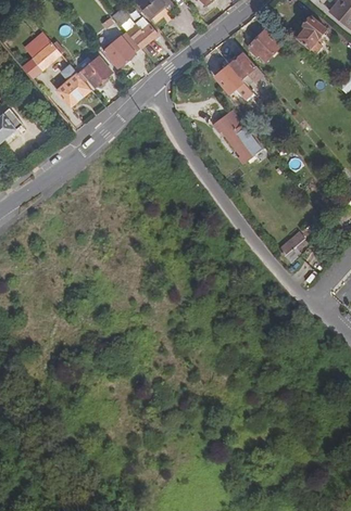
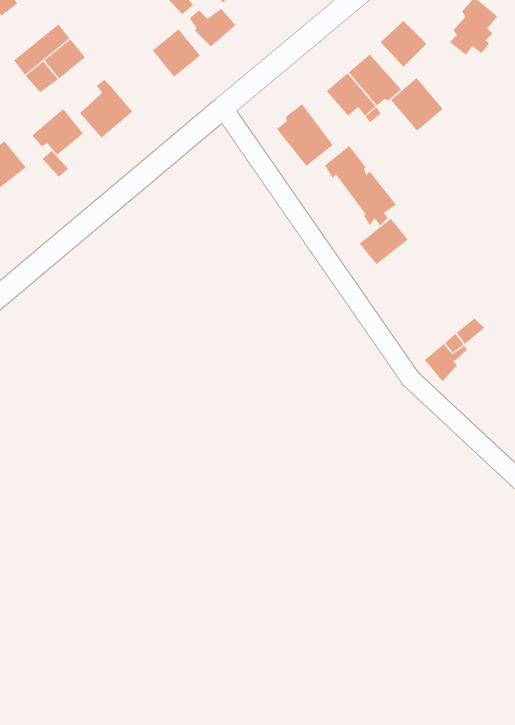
building: [78,56,112,87] -> [32,108,84,156]
building: none -> [390,77,444,132]
building: none -> [276,103,334,167]
building: none -> [359,218,408,265]

